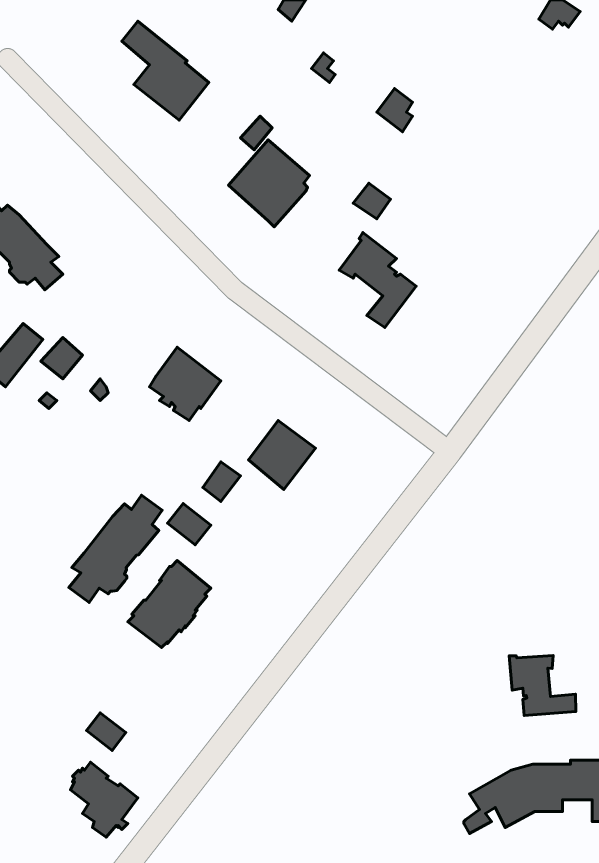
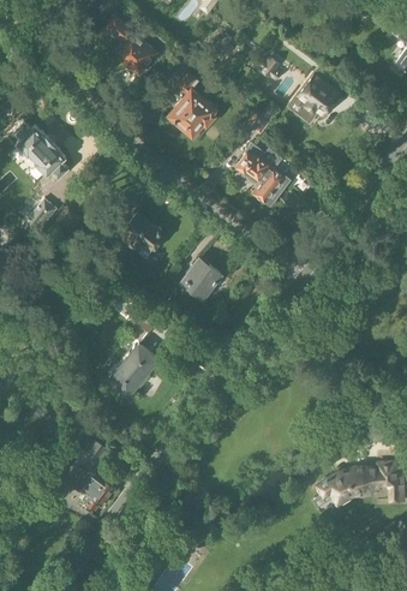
building: none -> [283,73,341,126]
building: [69,495,162,603] -> none
building: [509,656,576,716] -> none

